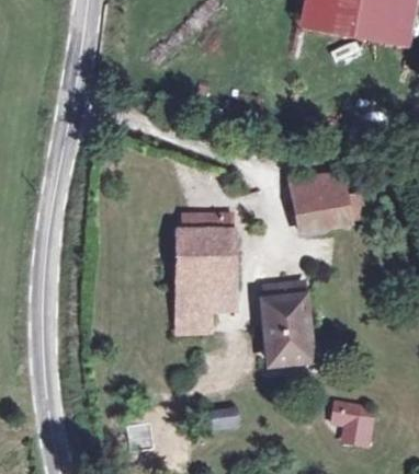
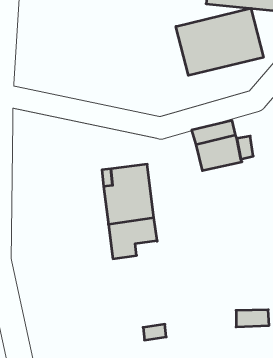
building: none -> [176,8,263,75]
building: [267,288,317,366] -> none

